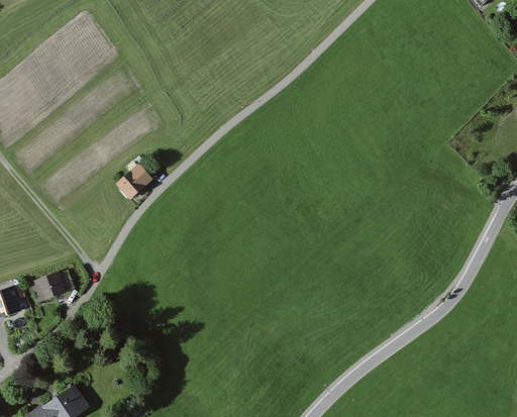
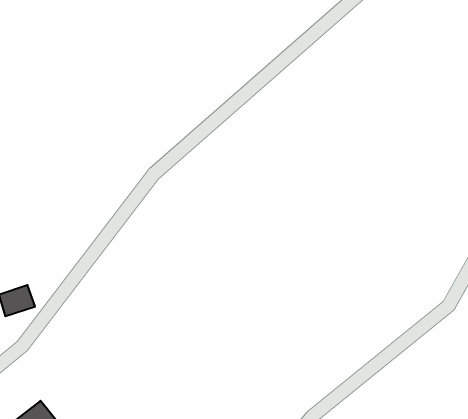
building: [119,165,154,200] -> none

